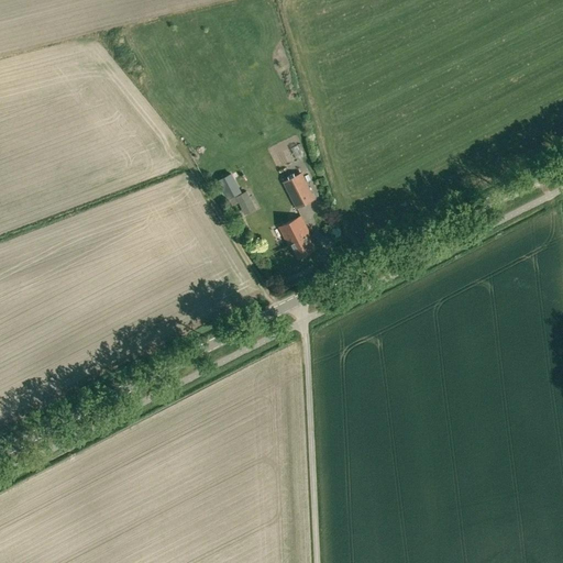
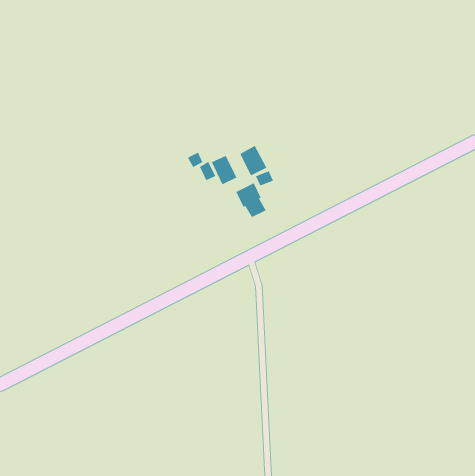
building: none -> [211,155,237,185]

